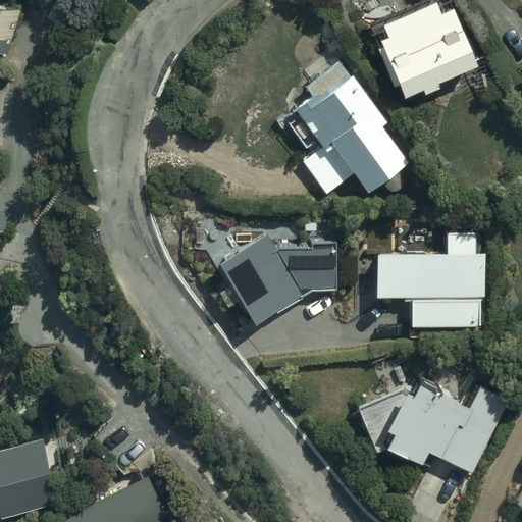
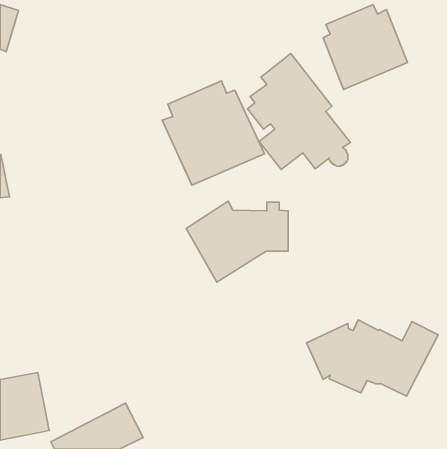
building: none -> [162,81,264,185]
building: [375,233,484,329] -> none

